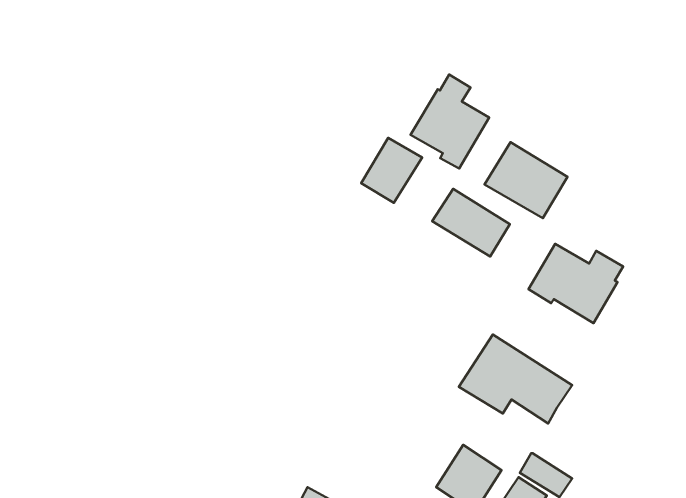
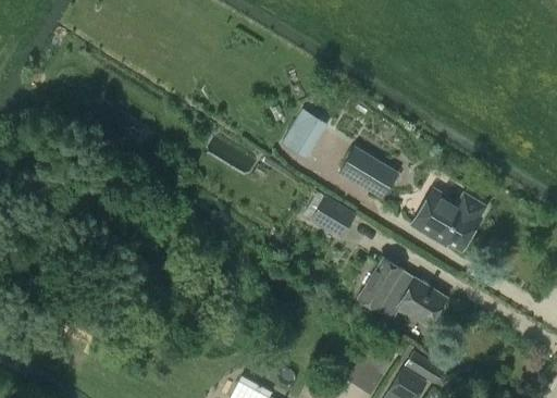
building: [411,75,489,168] -> none
building: [484,142,568,218] -> none
building: none -> [309,195,356,238]

